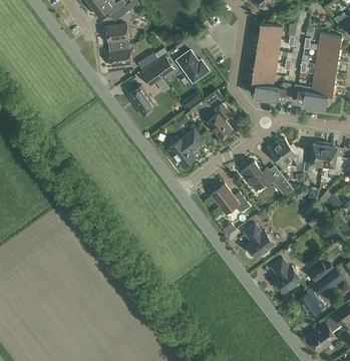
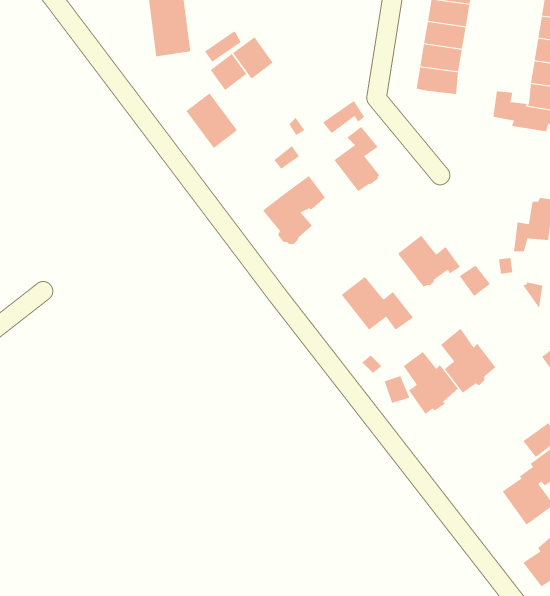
building: [178,49,210,82] -> none
building: [254,82,291,99] -> none
building: [267,138,303,168] -> none
building: [271,258,301,293] -> [440,328,496,393]

